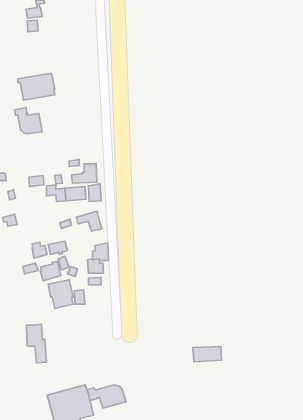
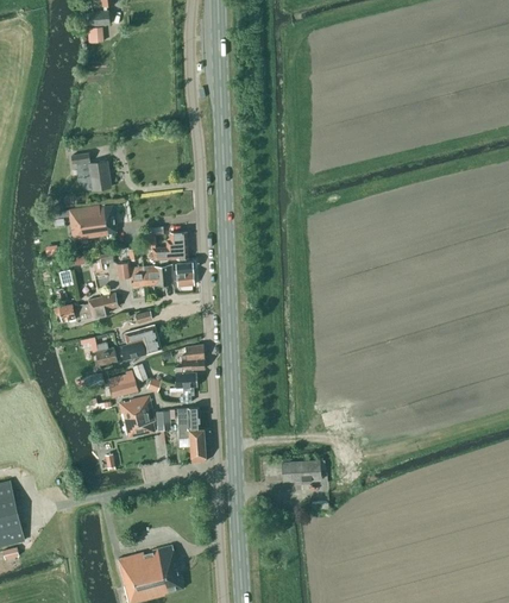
building: [18,73,55,100] -> [64,202,117,240]
building: none -> [77,293,117,320]
building: [76,211,102,231] -> [124,325,159,353]
building: [26,324,47,363] -> [176,407,205,461]
building: [193,347,222,362] -> [279,460,320,482]
building: [88,385,126,408] -> none

